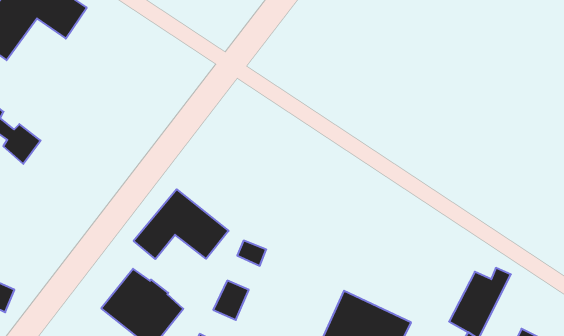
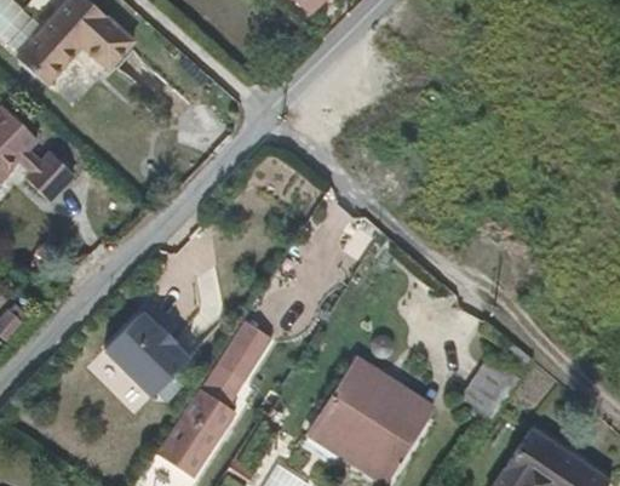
building: [134,189,229,259] -> none

